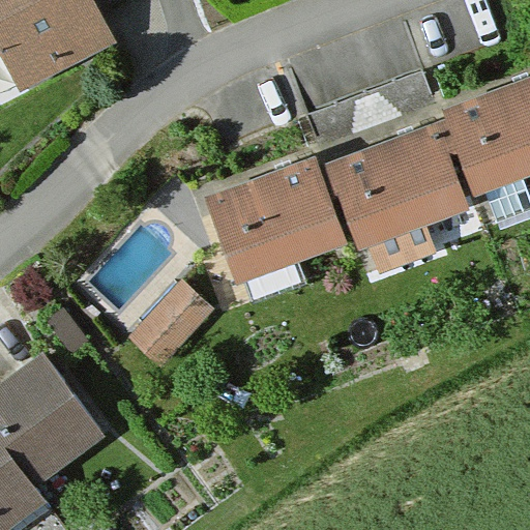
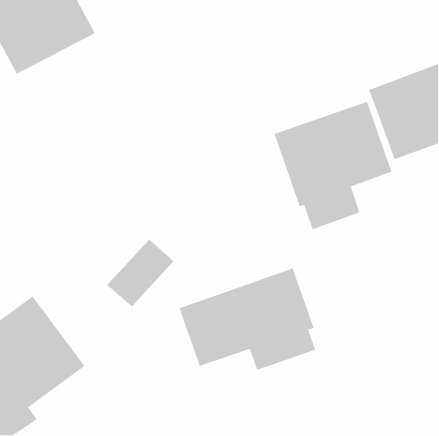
building: [208,155,348,281] -> none
building: none -> [178,267,316,371]

